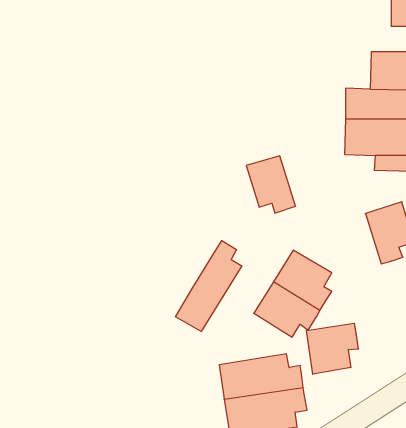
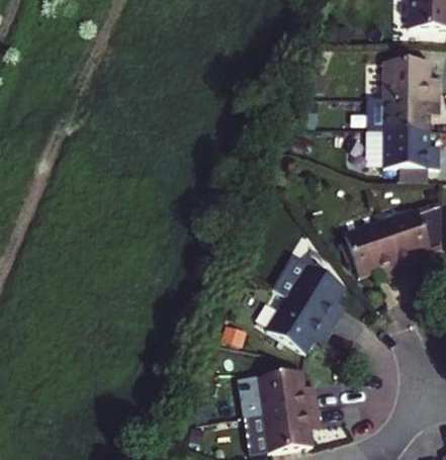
building: [246,156,296,213] -> [348,224,398,283]
building: [176,241,242,331] -> none
building: [306,323,358,374] -> none

